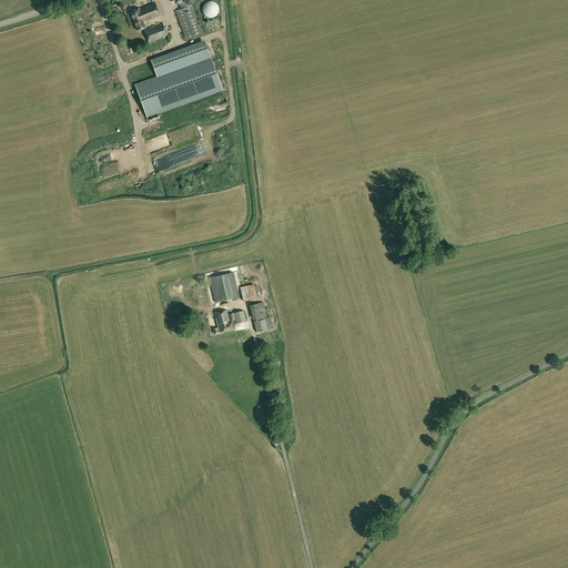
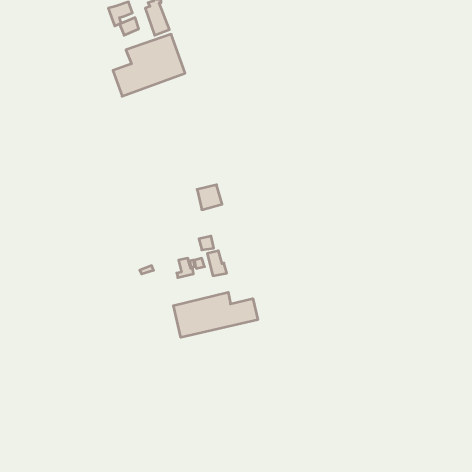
building: [209,272,239,302] -> [197,185,222,210]
building: none -> [173,292,258,337]

